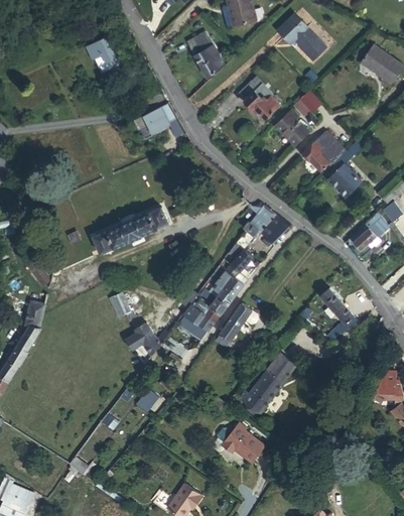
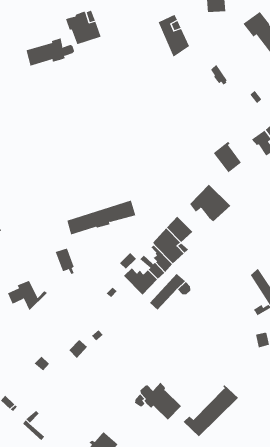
building: none -> [26,37,75,66]
building: [239,84,278,117] -> none
building: [134,102,176,133] -> none
building: [275,110,307,144] -> [213,141,242,173]
building: [95,209,168,255] -> [67,200,136,235]
building: [125,322,168,356] -> [7,280,48,311]
building: [241,353,297,412] -> [183,385,239,437]

